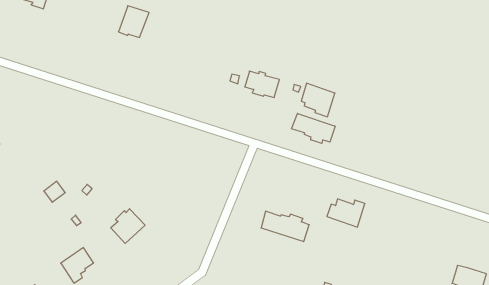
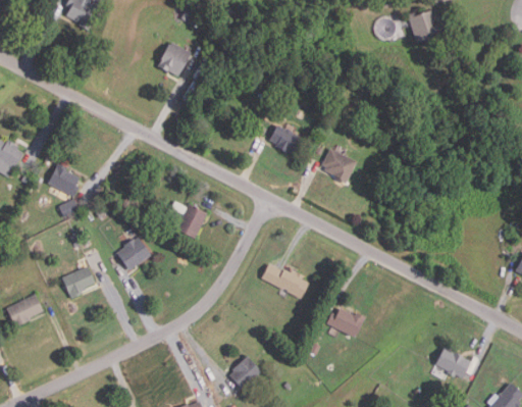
building: [292,113,335,143] -> none
building: none -> [47,164,79,200]
building: none -> [175,204,207,239]
building: [327,199,365,227] -> [326,307,365,338]

